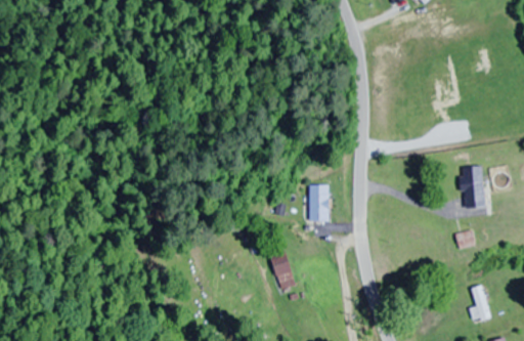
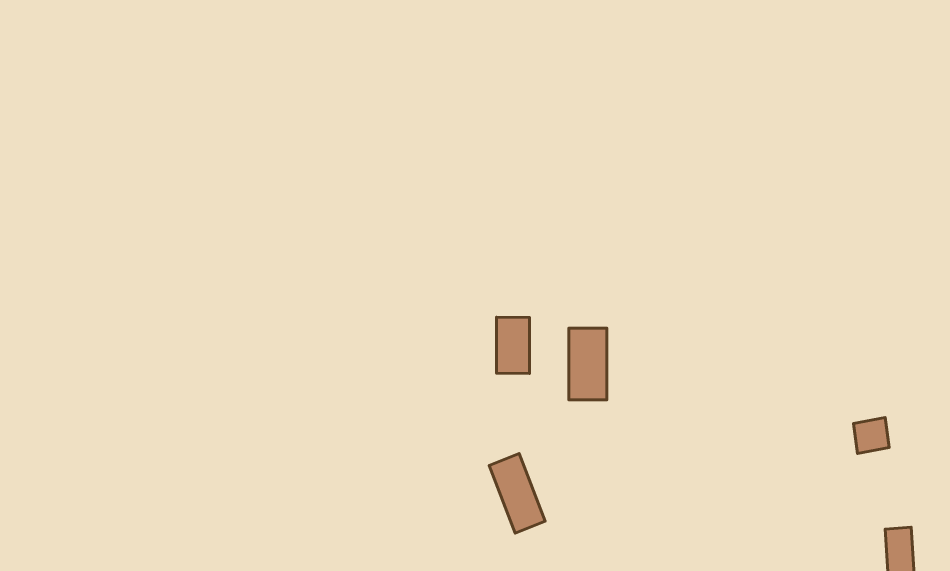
building: [461,166,485,209] -> none
building: none -> [497,317,530,373]

